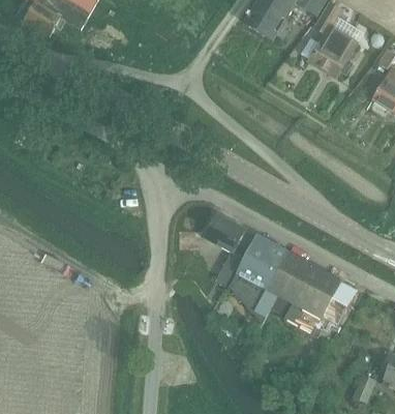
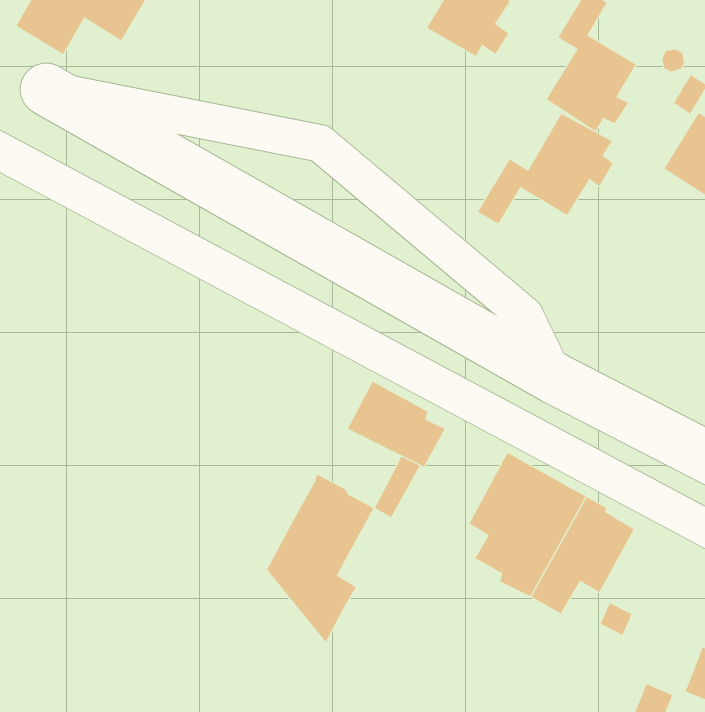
building: none -> [477,113,613,224]
building: [229,233,286,324] -> [266,473,374,643]

